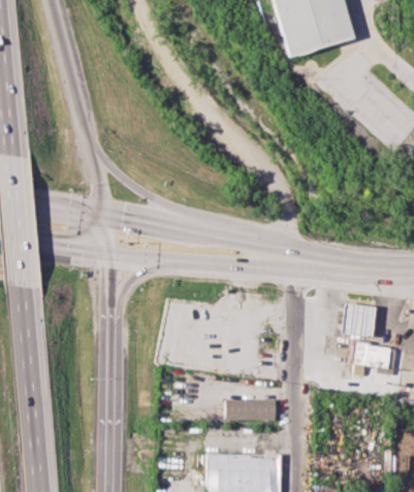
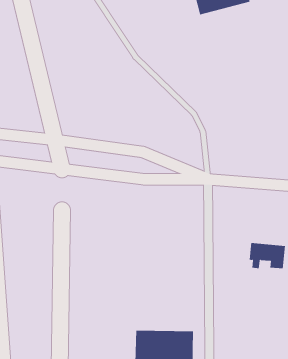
building: [341,302,375,337] -> none
building: [225,399,276,420] -> none

